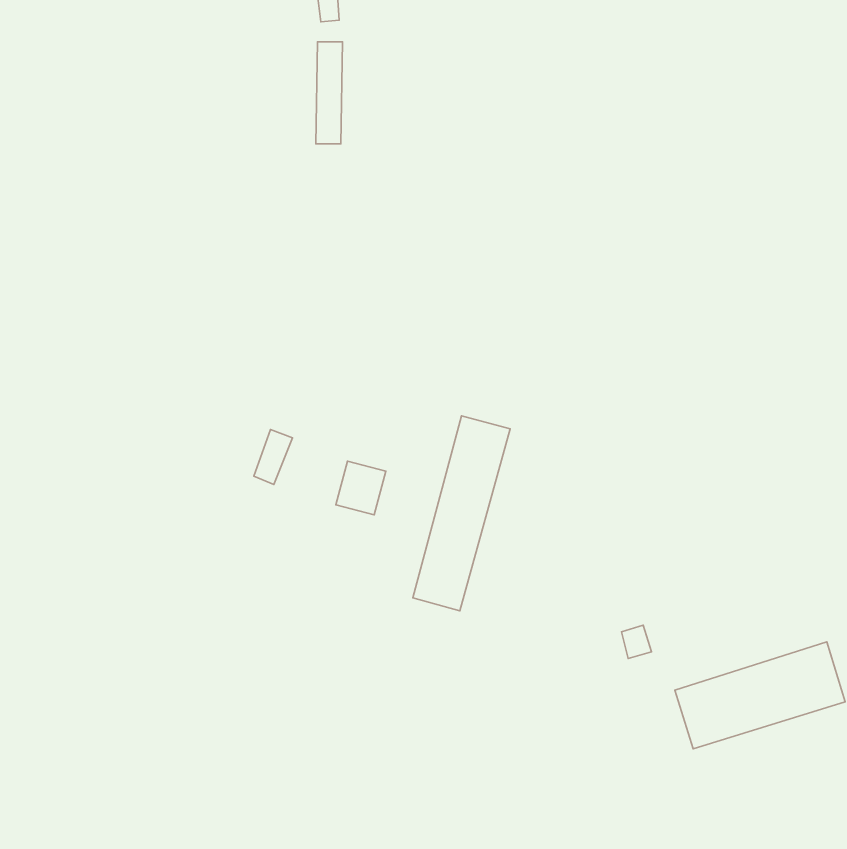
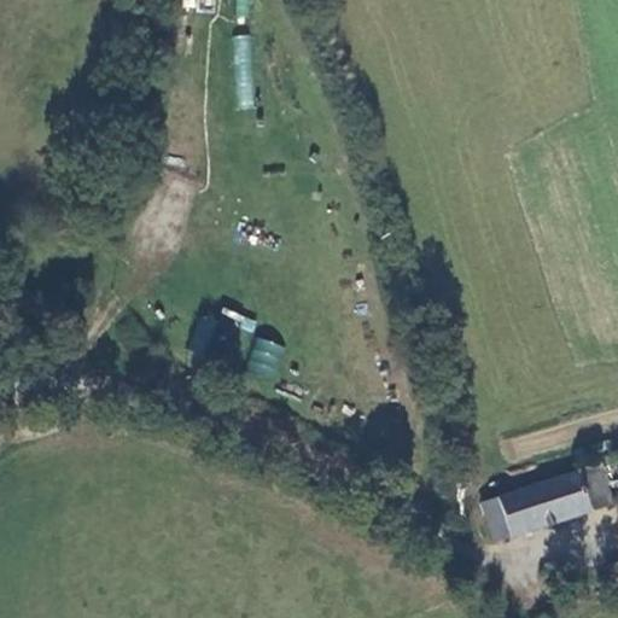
building: [413,416,510,611] -> none

